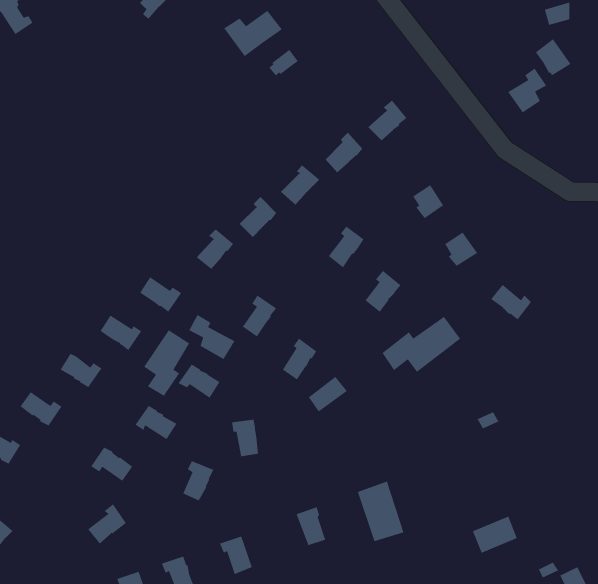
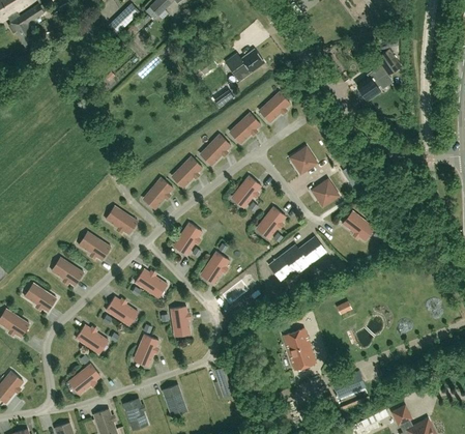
building: [223,10,283,57] -> [224,50,264,82]
building: [188,314,235,360] -> none
building: [143,329,190,397] -> none
building: [357,481,404,542] -> [283,328,315,370]

